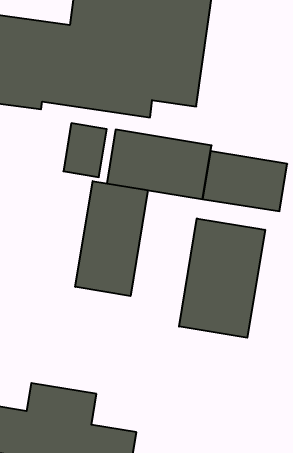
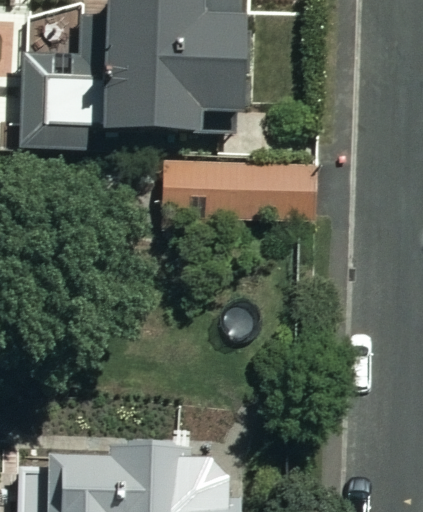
building: [75,181,148,296] -> none
building: [179,218,265,338] -> none

